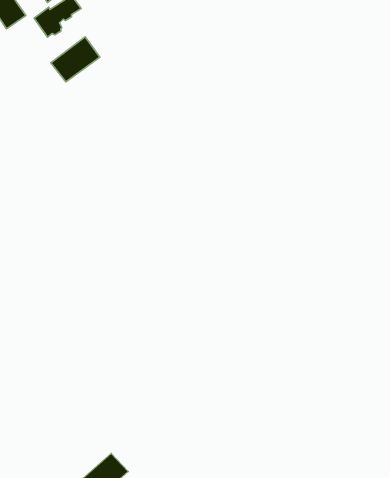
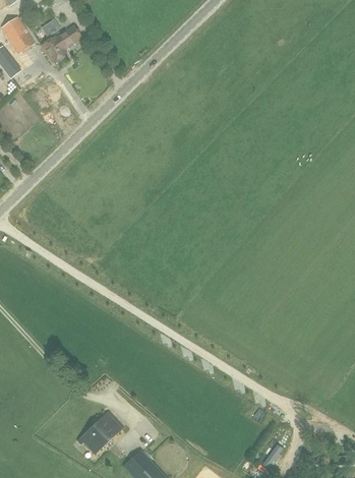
building: [51,37,100,82] -> none

